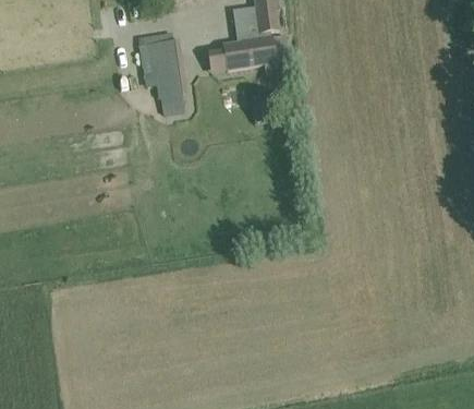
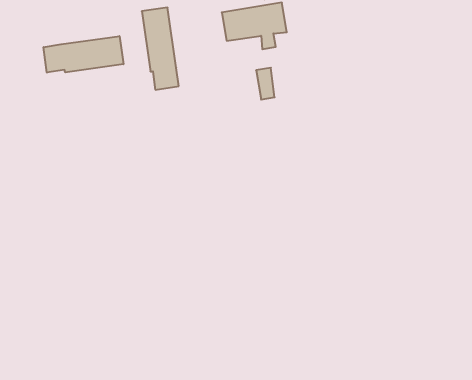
building: none -> [44,36,123,73]

